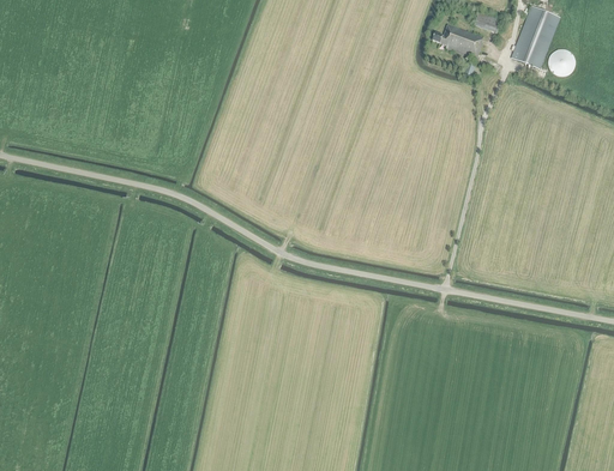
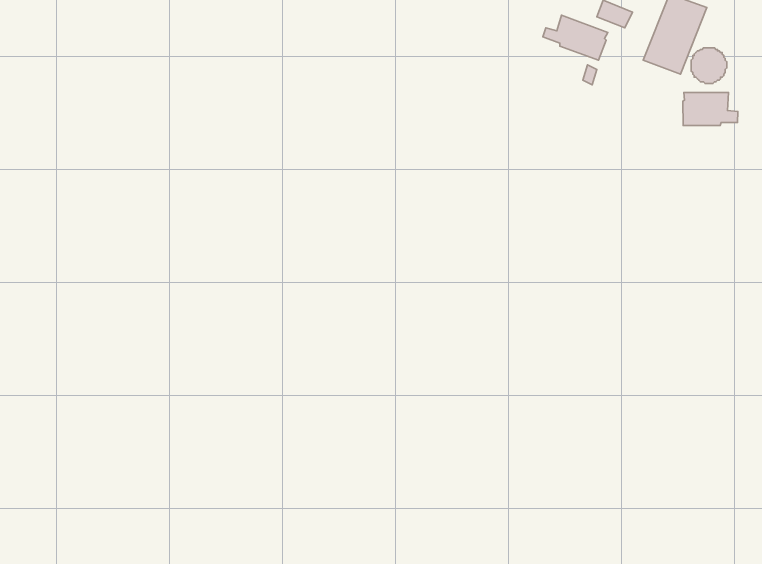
building: none -> [683,92,738,126]

